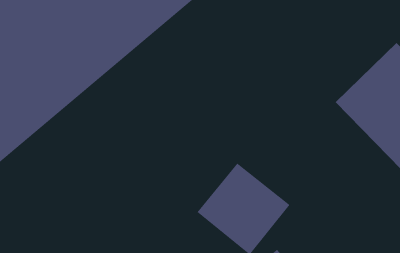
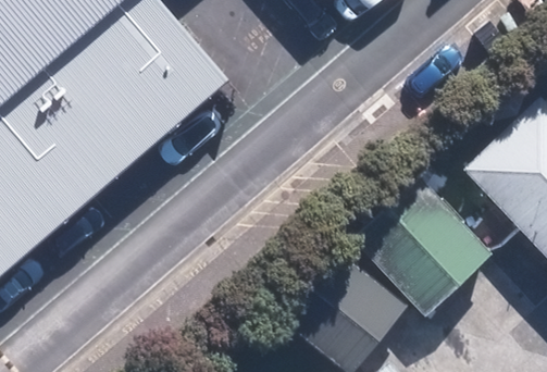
building: none -> [366,190,492,314]

